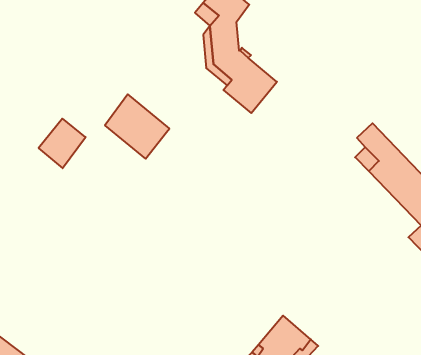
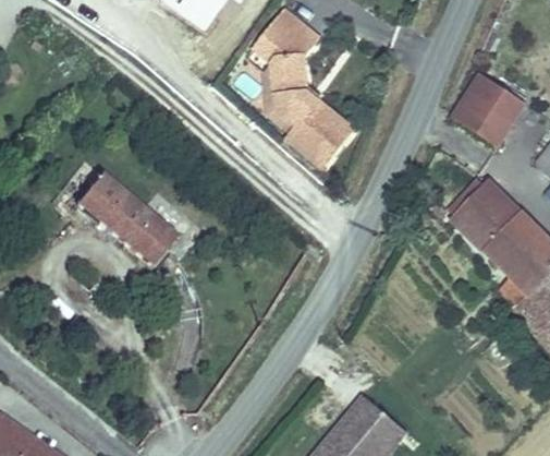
building: none -> [448,72,522,145]
building: [105,94,169,159] -> [102,189,179,265]

